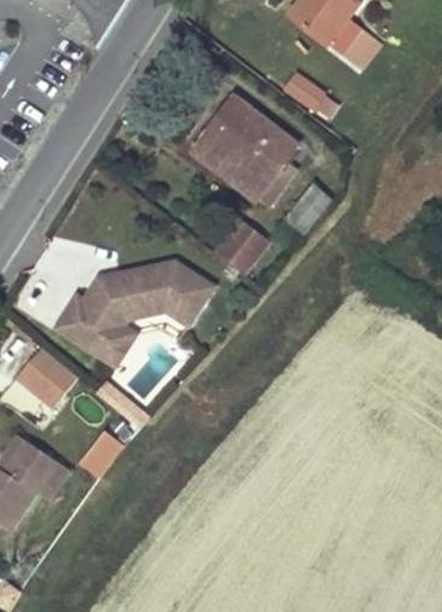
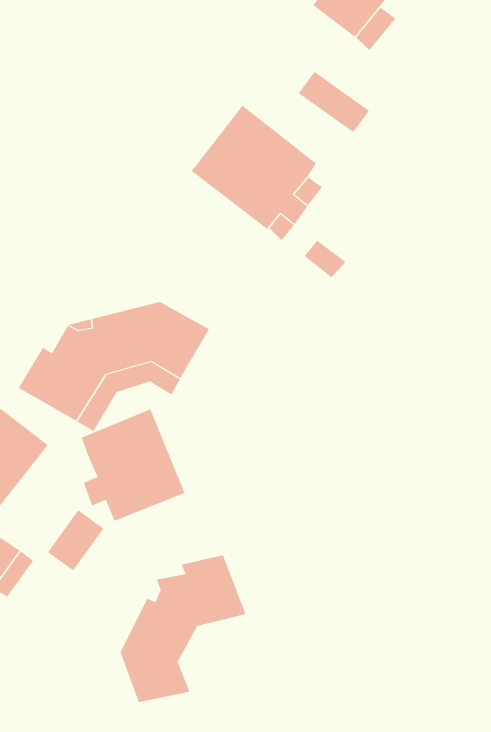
building: [216,220,270,275] -> none
building: none -> [81,408,185,521]
building: none -> [120,555,246,703]

